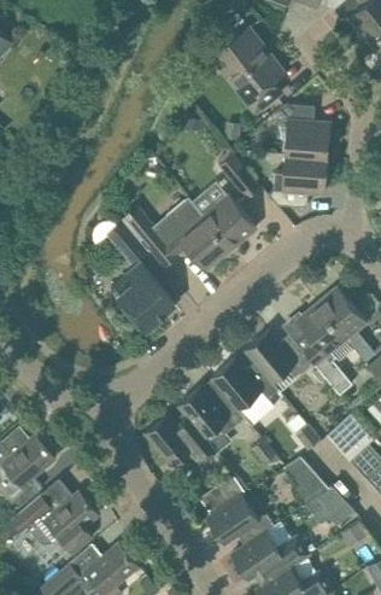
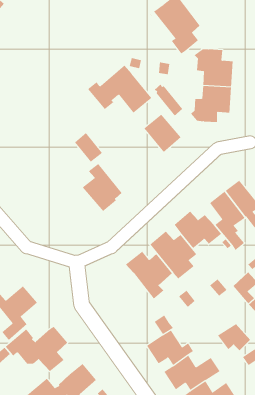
building: [140,203,230,270] -> [87,65,152,113]
building: [143,413,216,466] -> none
building: [283,456,328,504] -> none

